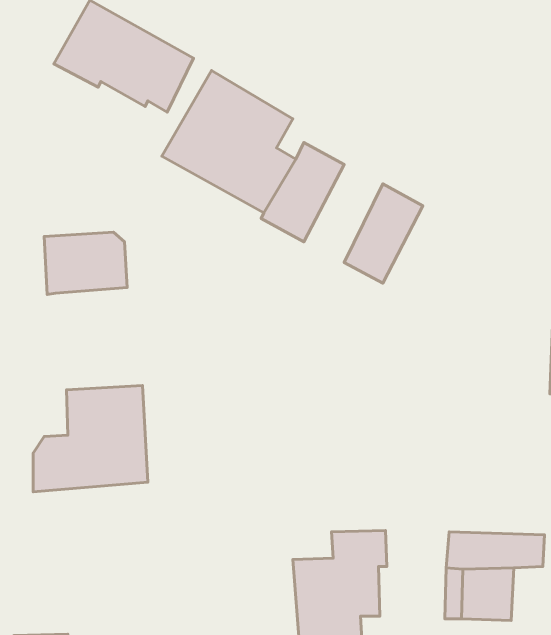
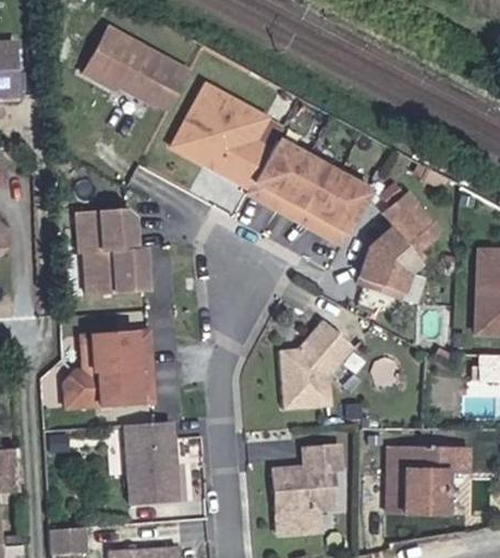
building: none -> [279,154,341,231]
building: none -> [355,190,442,299]
building: none -> [83,251,151,294]
building: none -> [279,319,355,411]
building: none -> [123,421,182,506]

